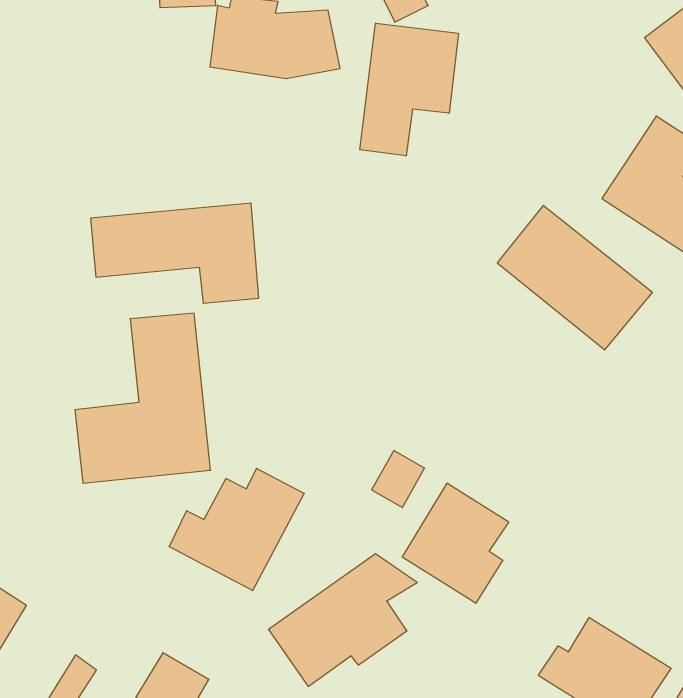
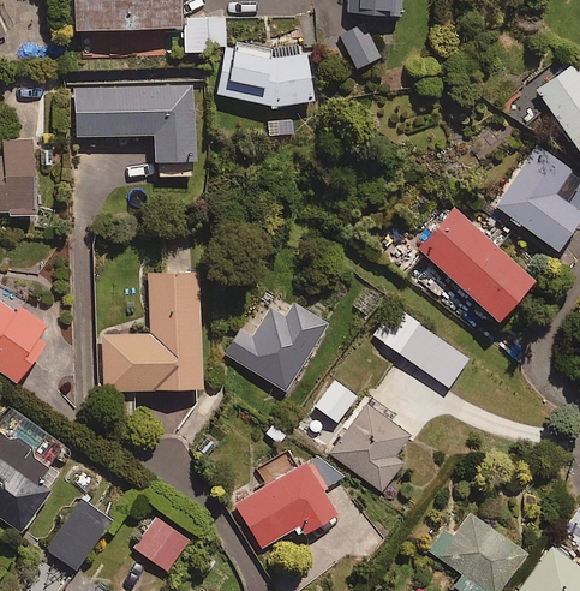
building: [360,23,458,156] -> none
building: [91,203,259,303] -> [74,89,193,160]
building: none -> [379,312,468,388]
building: [169,468,304,591] -> [226,303,327,392]

